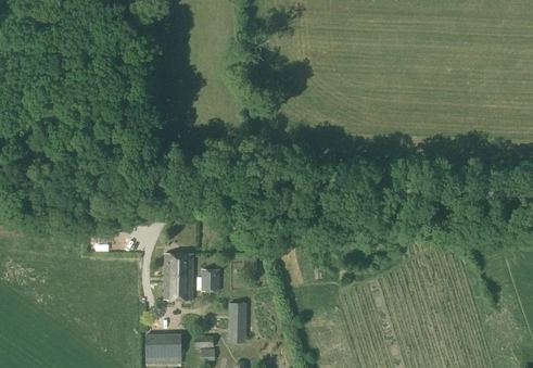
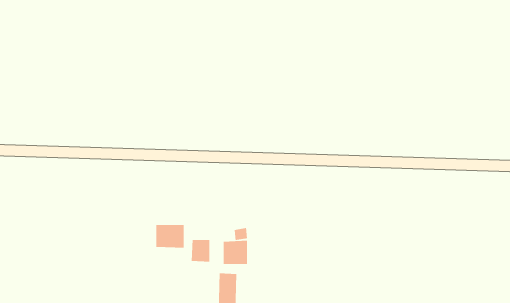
building: none -> [223,240,248,265]
building: [164,277,194,301] -> none

